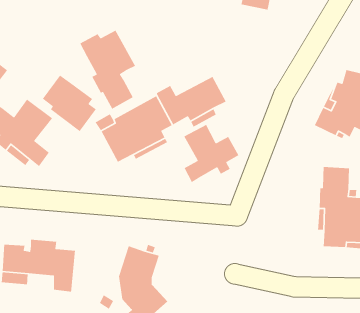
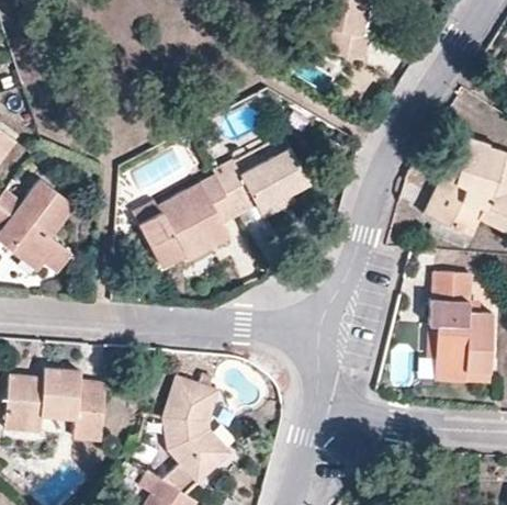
building: [79,29,136,110] -> none
building: [42,74,97,132] -> none
building: [183,124,240,183] -> none

